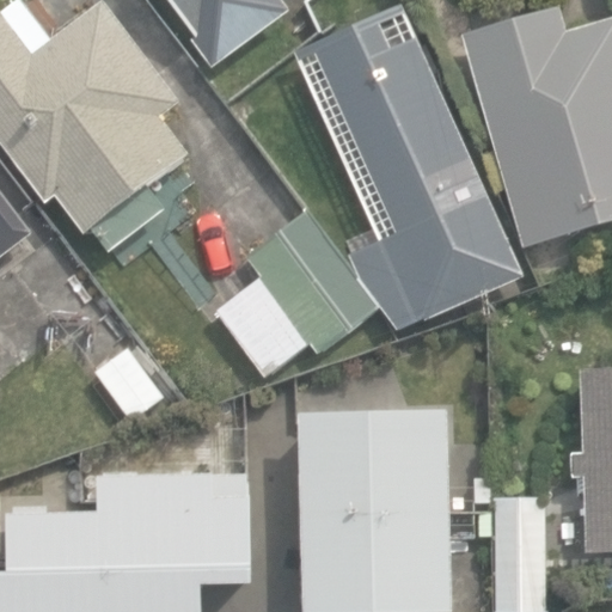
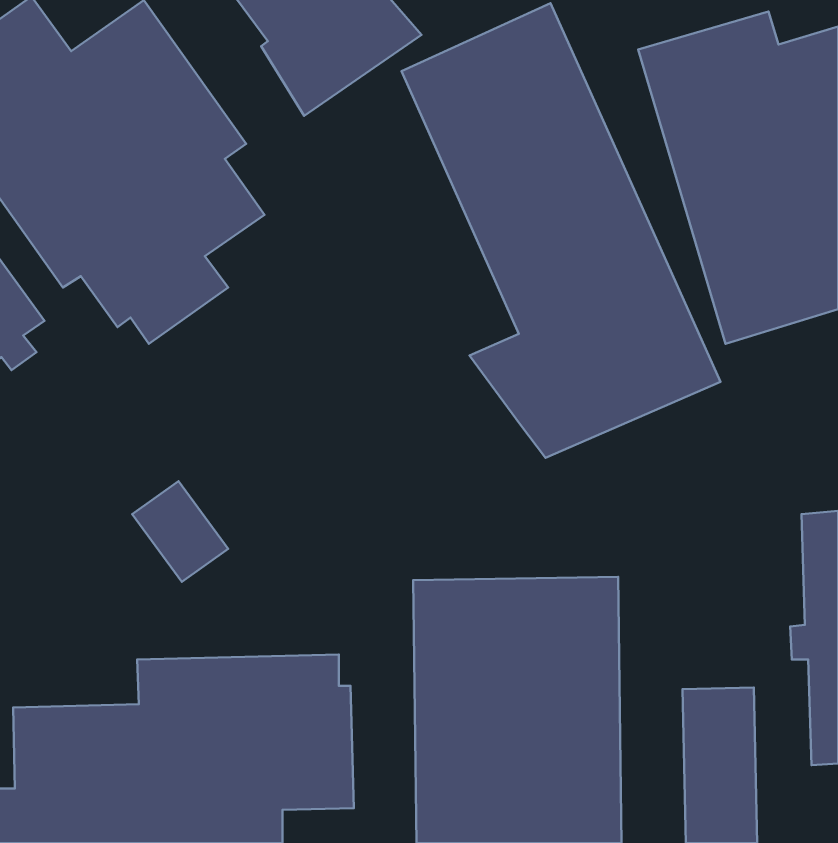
building: [215,208,377,377] -> none

